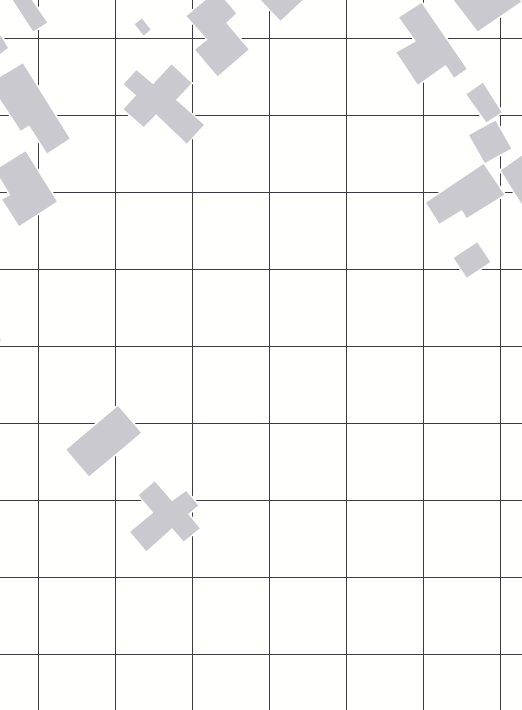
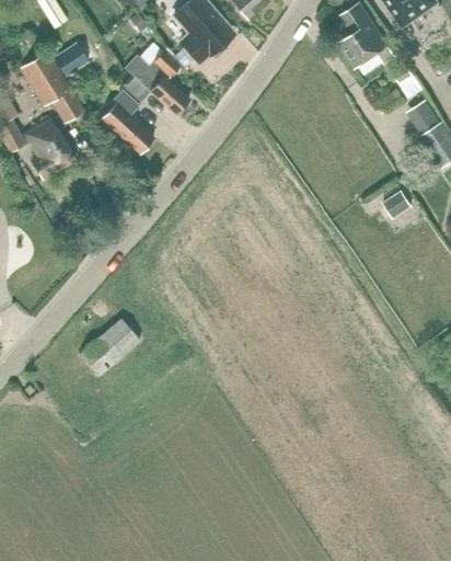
building: none -> [53,37,94,76]
building: none -> [102,89,154,152]
building: [425,163,506,225] -> none
building: [129,480,201,552] -> none

